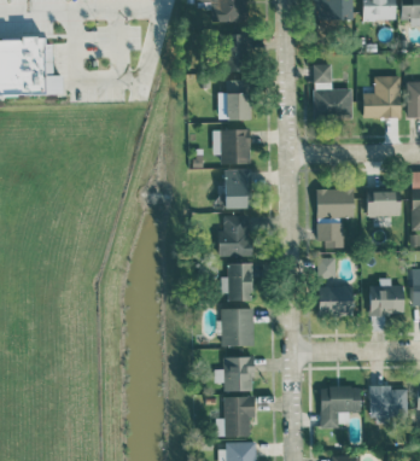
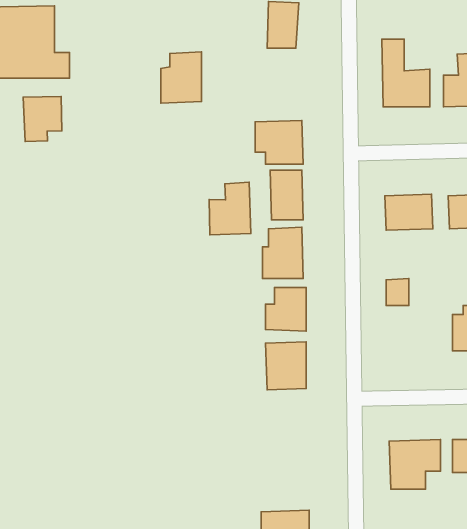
building: [218,81,251,122] -> [161,52,202,103]
building: none -> [23,97,62,141]
building: none -> [209,182,251,235]
building: [320,223,344,250] -> none
building: [319,286,354,316] -> none
building: [215,356,255,391] -> none
building: [215,396,256,437] -> none

